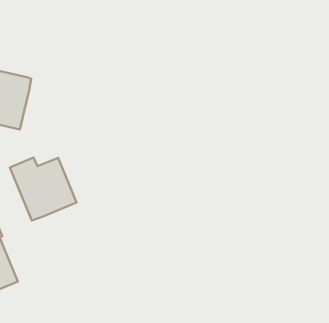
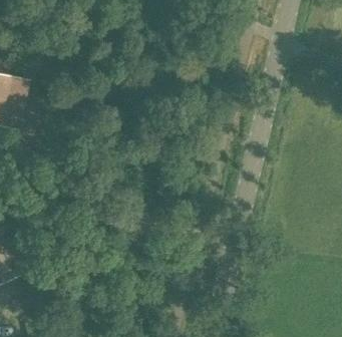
building: [10,158,77,221] -> none

